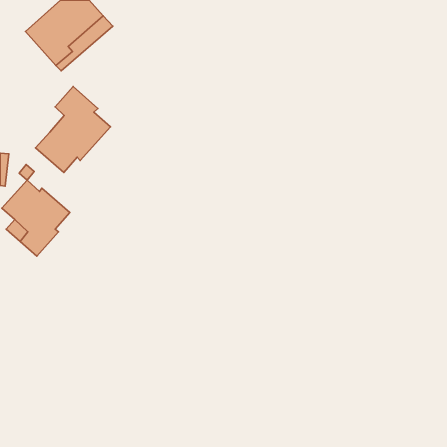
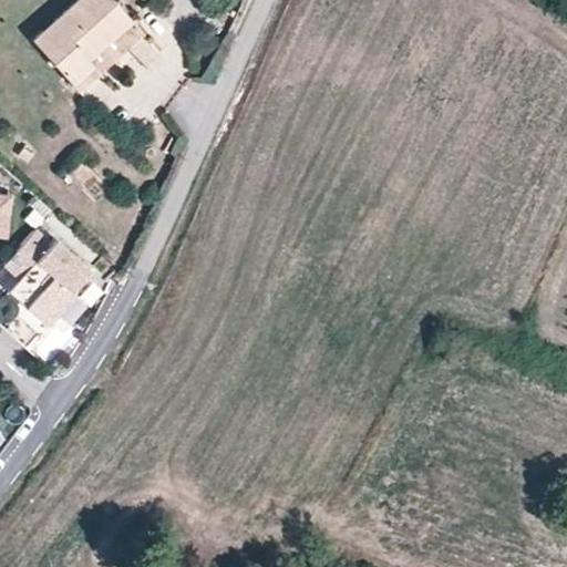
building: [35,87,110,173] -> none

